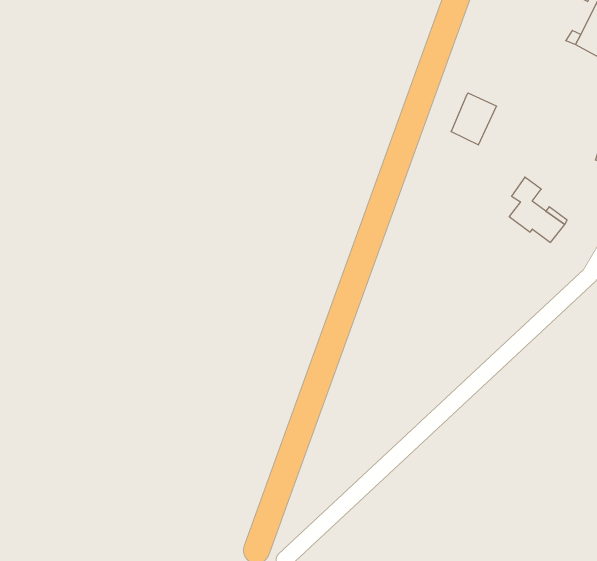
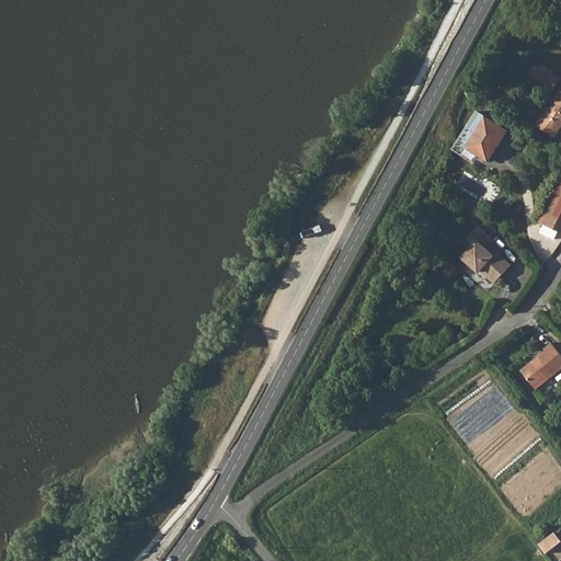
building: [451,93,497,145] -> [463,114,504,158]

